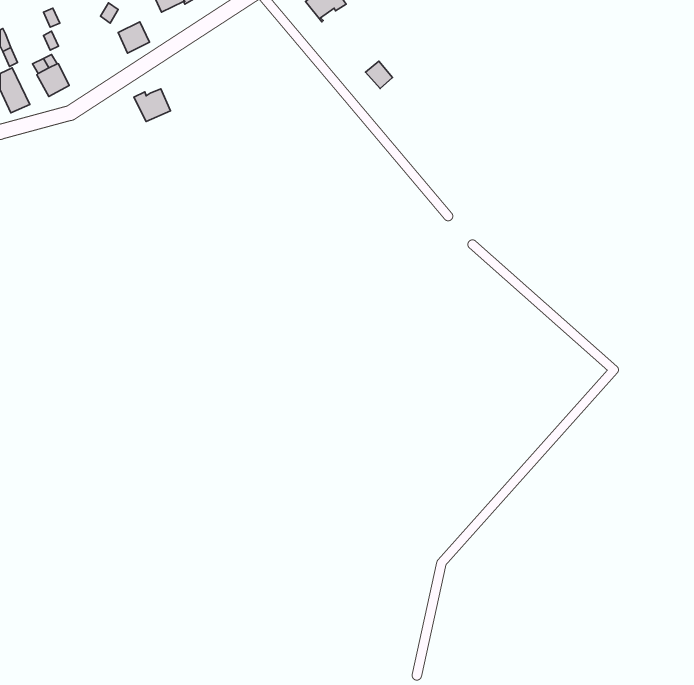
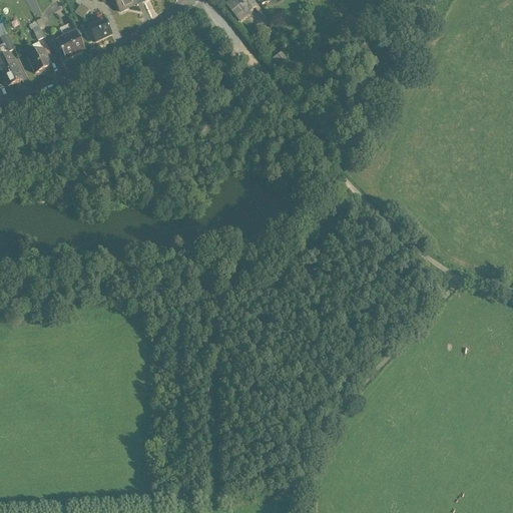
building: [134,89,170,122] -> [56,31,83,55]

